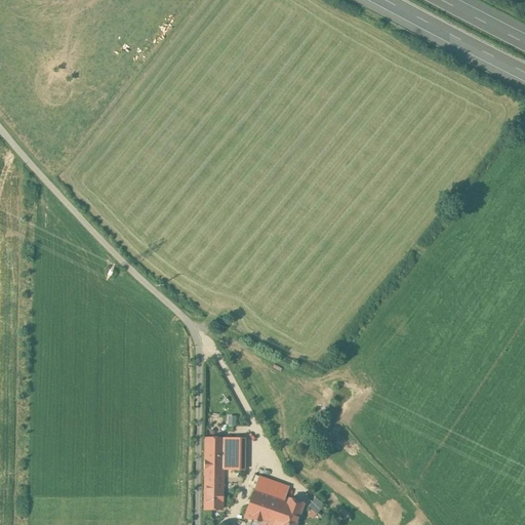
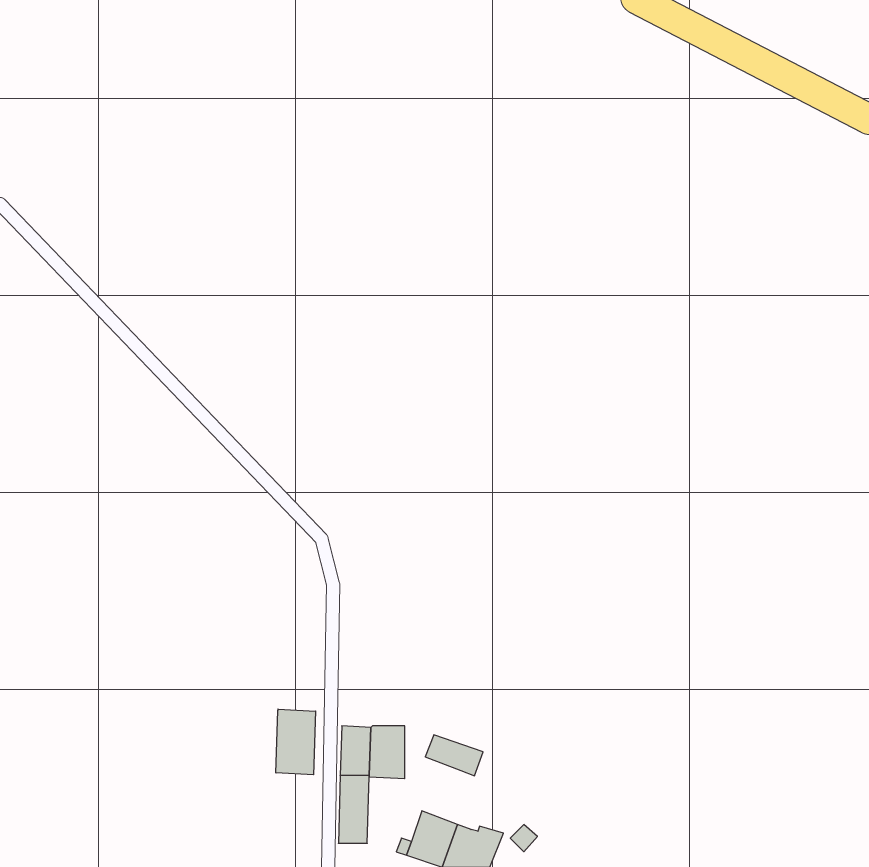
building: none -> [276,709,316,775]
building: [254,476,289,500] -> [425,735,483,776]

